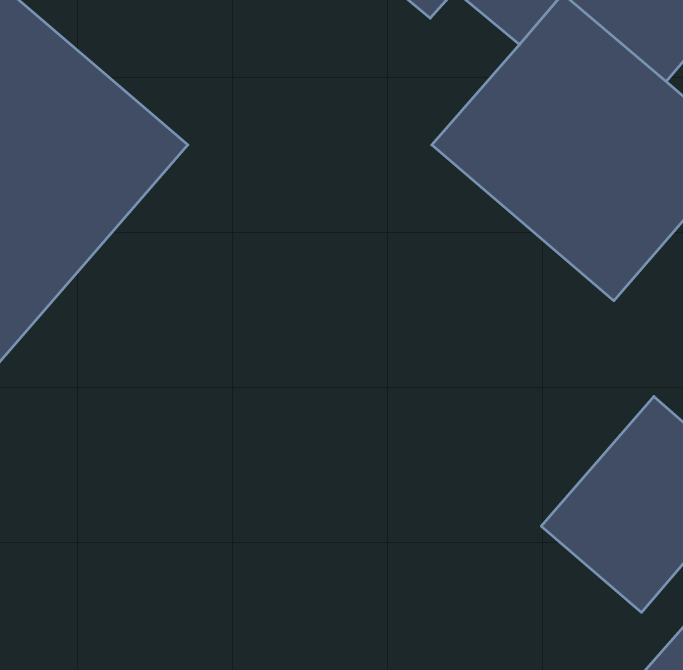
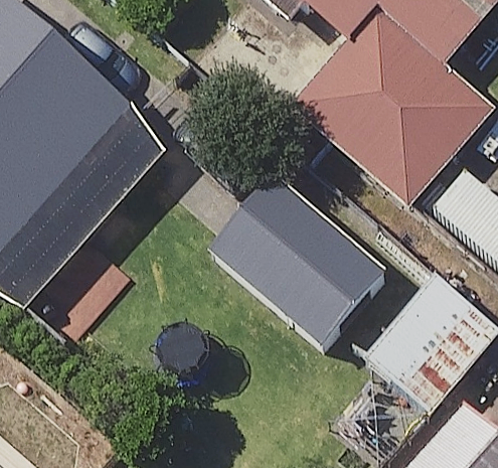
building: none -> [210,178,385,346]

